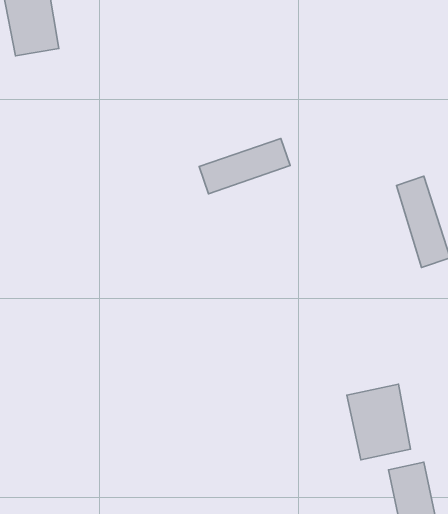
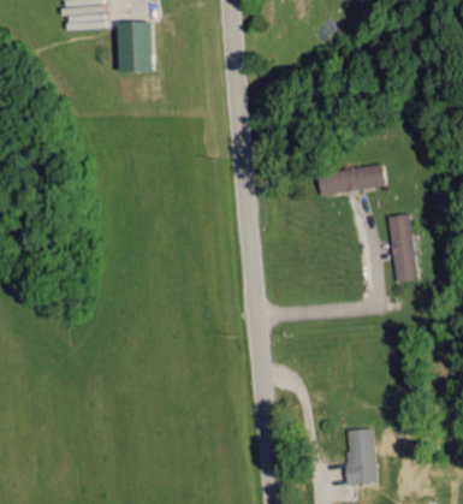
building: [199,138,290,194] -> [317,164,386,196]
building: [347,384,410,460] -> none

